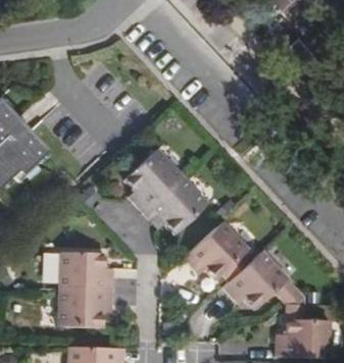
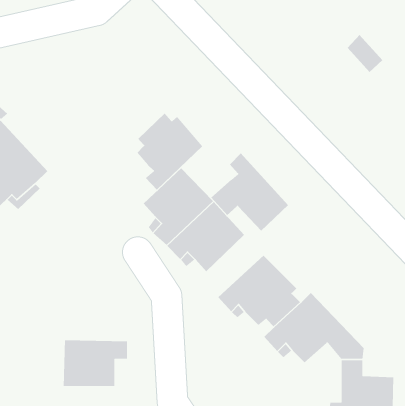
building: none -> [136,113,203,190]
building: none -> [211,152,289,231]
building: [58,250,110,289] -> none

